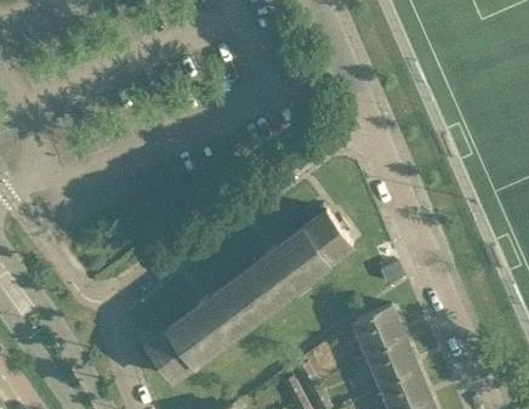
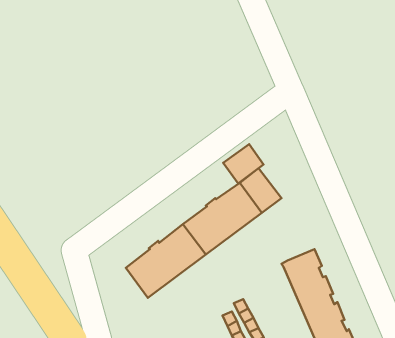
building: none -> [223,144,263,183]
building: [147,325,195,377] -> none

